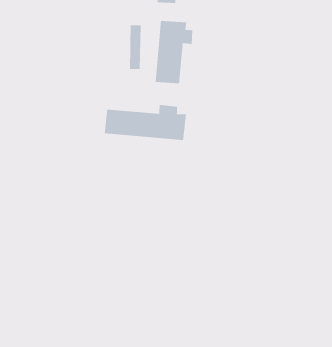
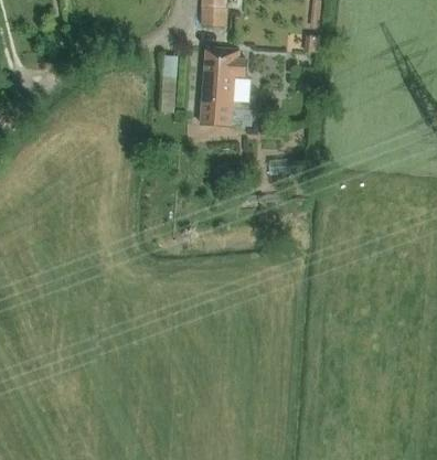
building: [104,104,187,141] -> none

